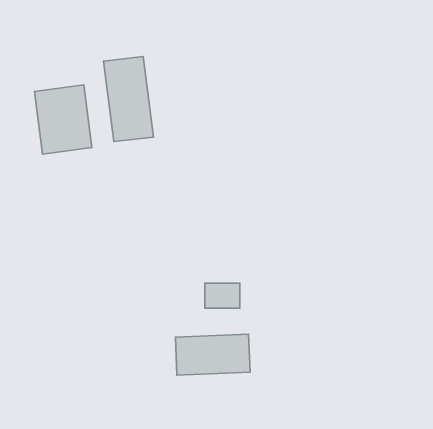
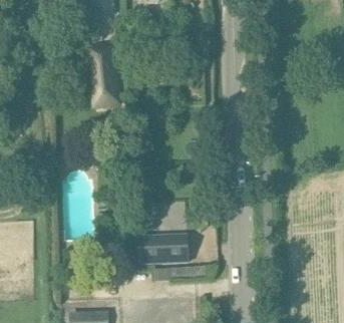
building: [34,85,92,154] -> none

